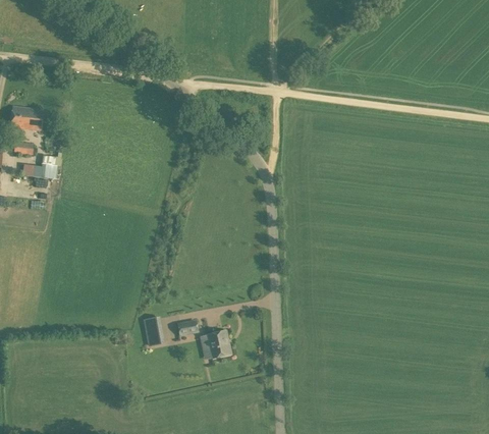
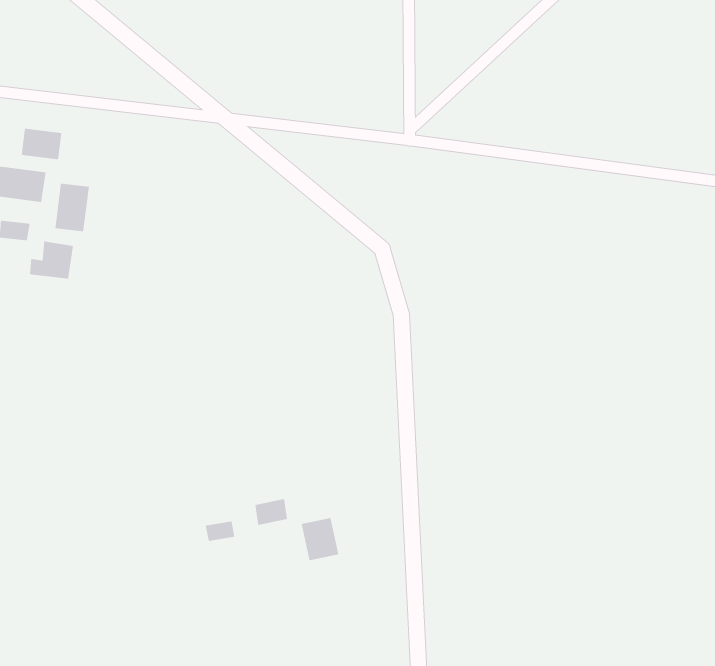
building: none -> [21,128,62,160]
building: none -> [55,183,90,232]

